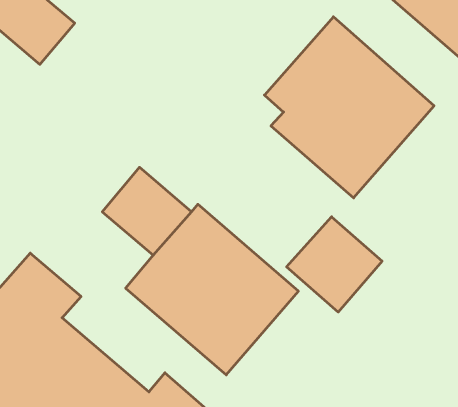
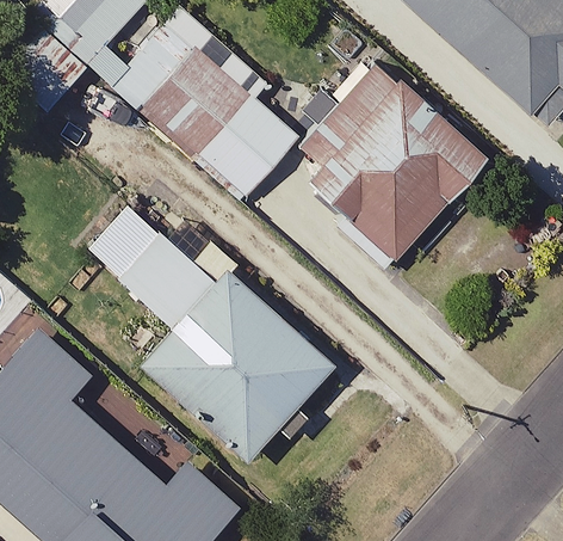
building: none -> [135,45,295,202]
building: [287,217,382,312] -> none

